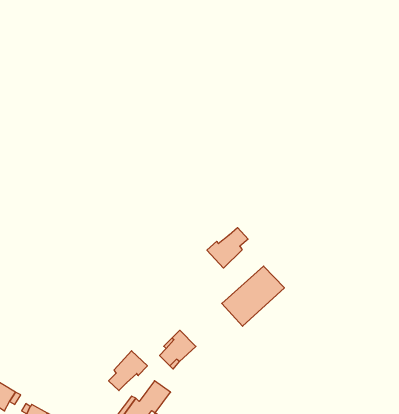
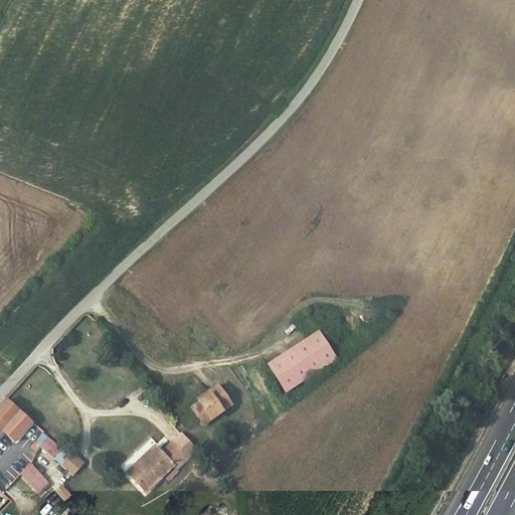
building: [207,228,248,268] -> none
building: [109,351,147,391] -> none

